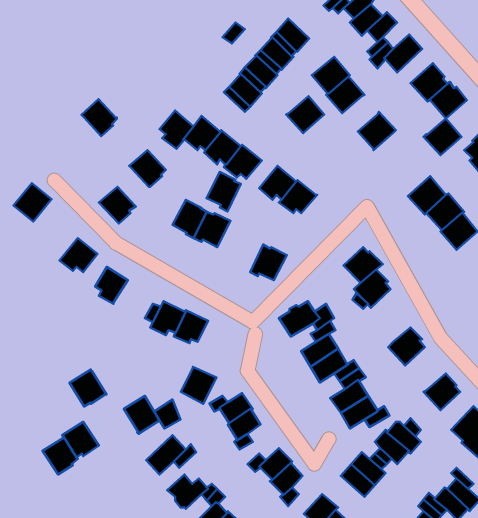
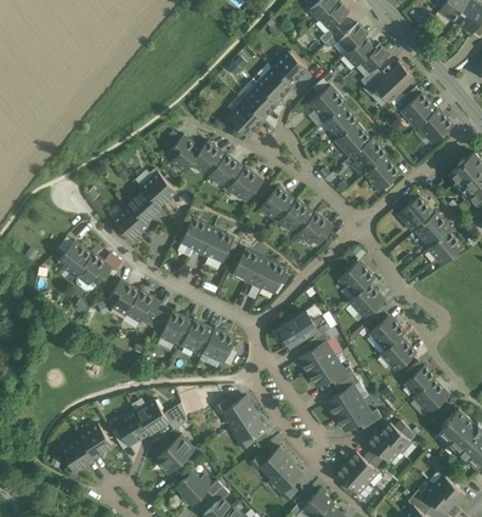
building: [286,96,324,133] -> [334,123,369,157]
building: [81,99,117,136] -> [126,189,159,223]
building: [424,118,462,155] -> [363,157,398,191]
building: [207,172,241,211] -> [232,249,263,285]
building: [14,183,52,221] -> [56,240,91,275]
building: none -> [297,212,331,244]
building: none -> [125,290,159,322]
building: none -> [368,316,404,350]
building: none -> [401,362,433,394]
building: [181,367,216,404] -> [202,329,234,363]
building: [70,370,106,406] -> [114,410,148,444]

